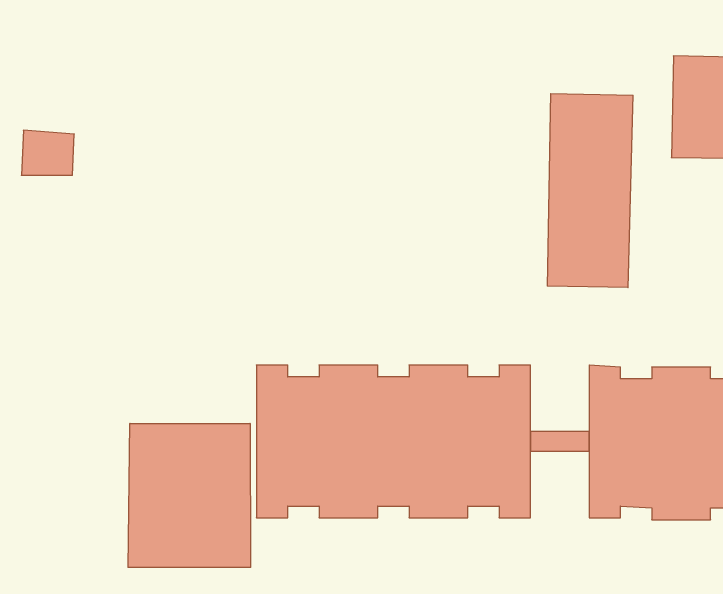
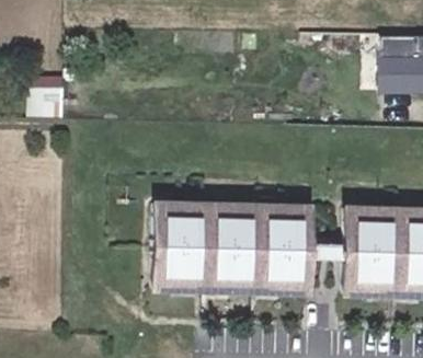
building: [547,94,633,288] -> none
building: [128,423,251,567] -> none

